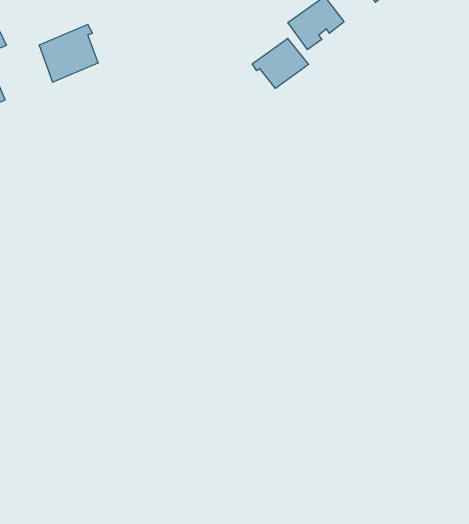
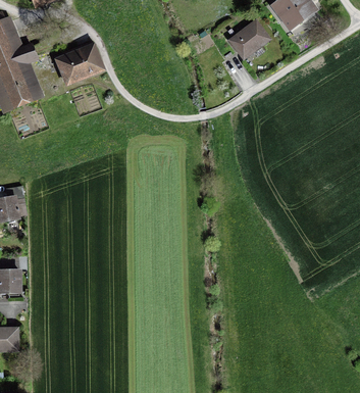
building: [252,38,308,88] -> none

